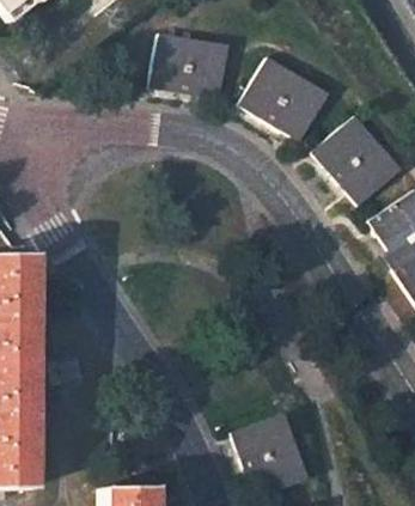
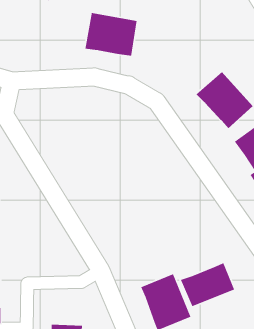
building: [243,56,329,136] -> none
building: none -> [180,262,235,307]

